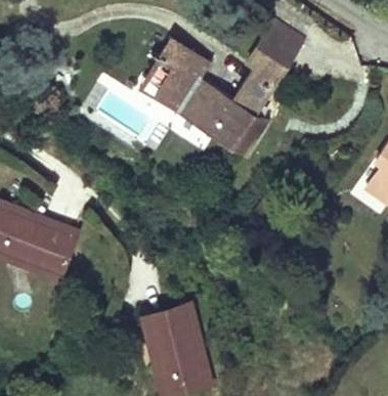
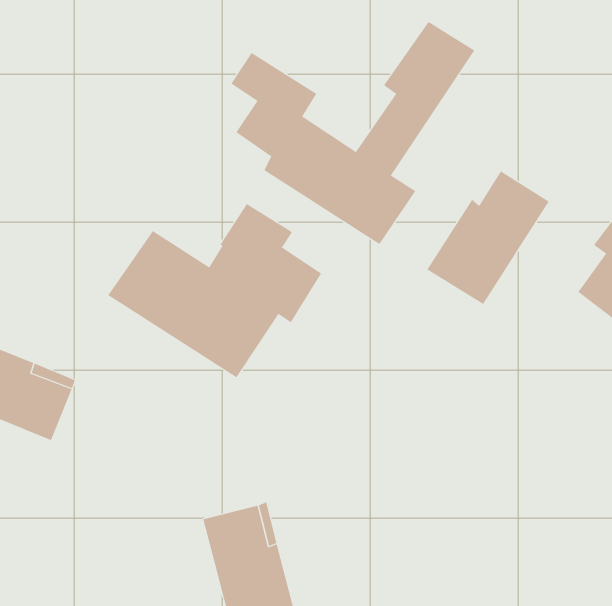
building: none -> [427,170,550,305]
building: none -> [108,203,322,378]

